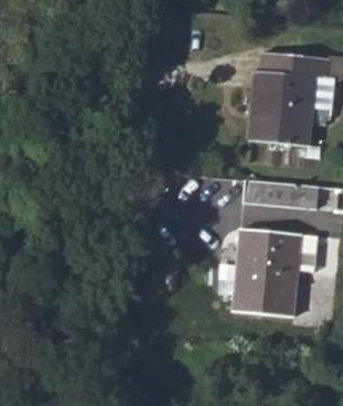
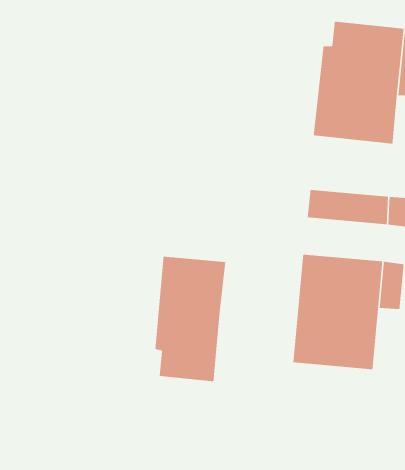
building: none -> [155,256,226,382]

